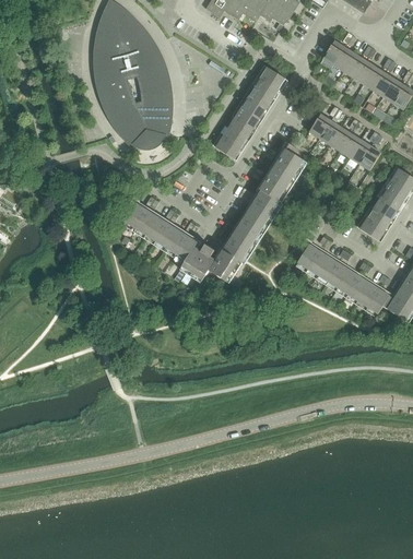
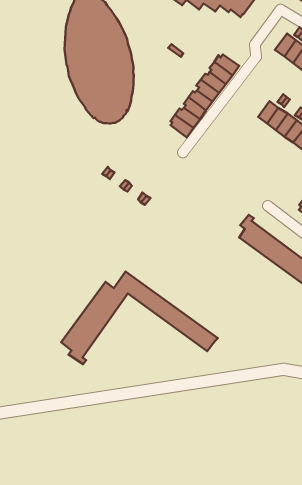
building: [126,141,304,281] -> none
building: none -> [61,272,218,364]

